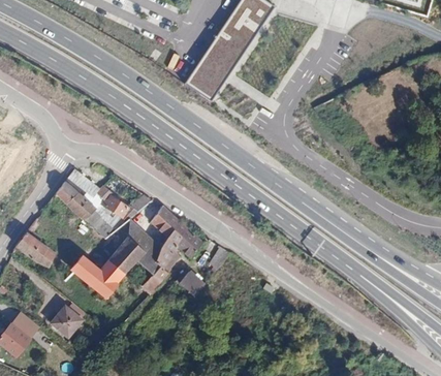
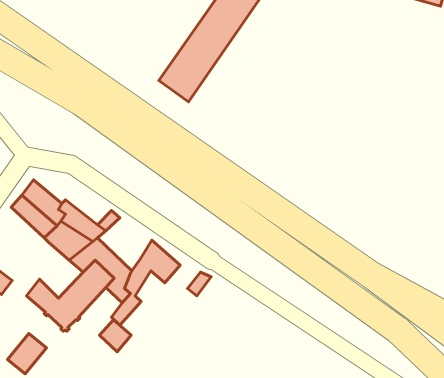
building: [151,205,179,237] -> none
building: [178,270,206,297] -> [99,320,131,352]

